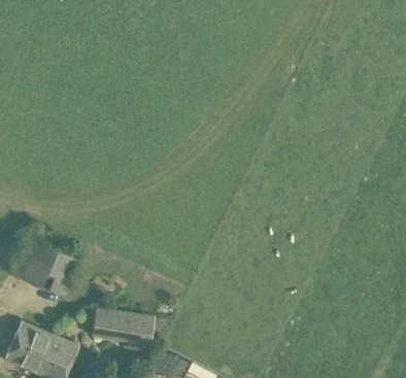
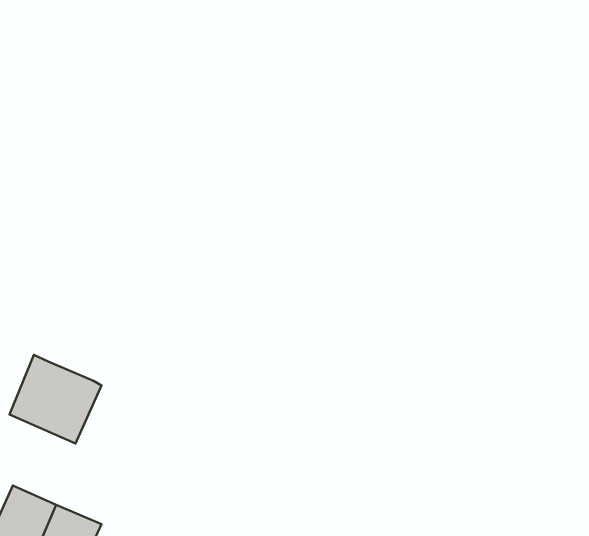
building: [92,308,155,344] -> none

